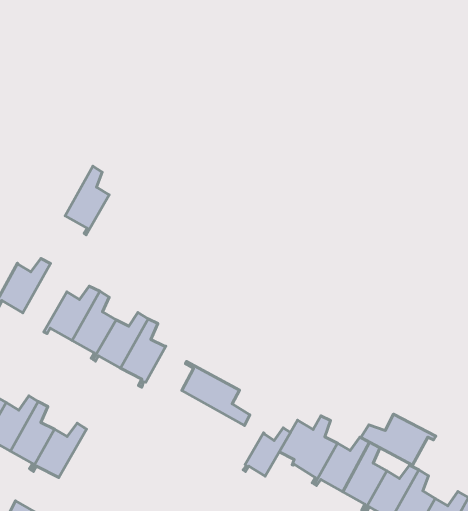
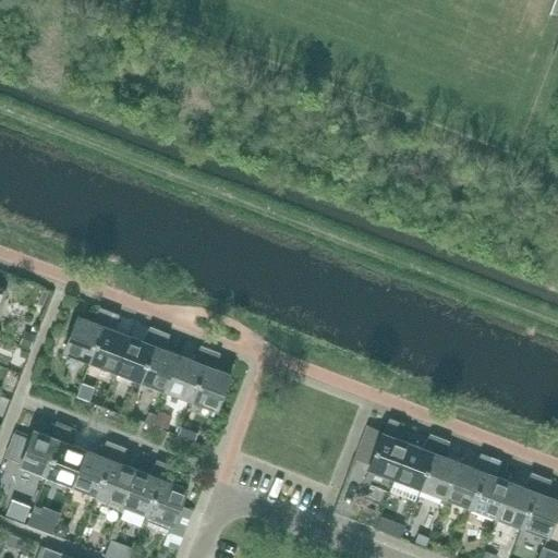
building: [65,166,109,235] -> [89,313,129,379]
building: [182,361,250,426] -> none
building: [361,414,436,465] -> none
building: [243,428,290,476] -> none
building: none -> [144,466,193,535]

